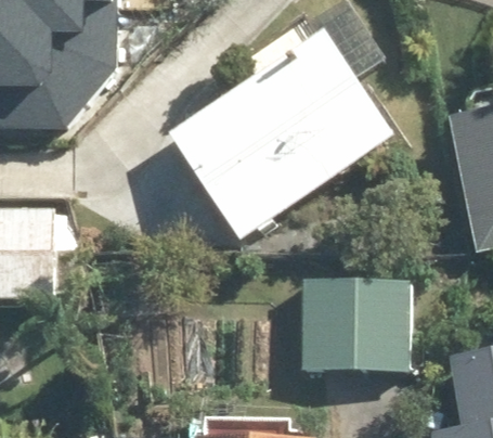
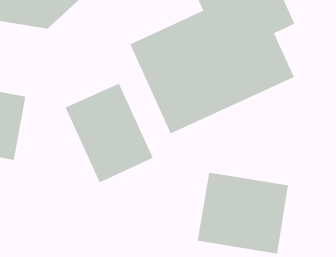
building: none -> [65,83,154,183]

